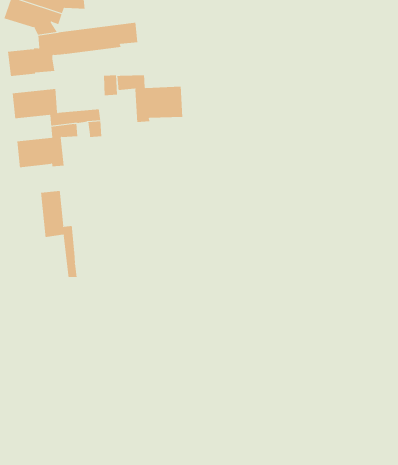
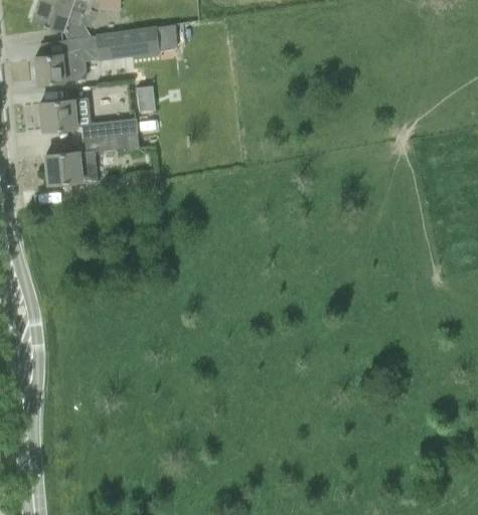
building: [117,74,183,123] -> none
building: [40,190,77,278] -> none

